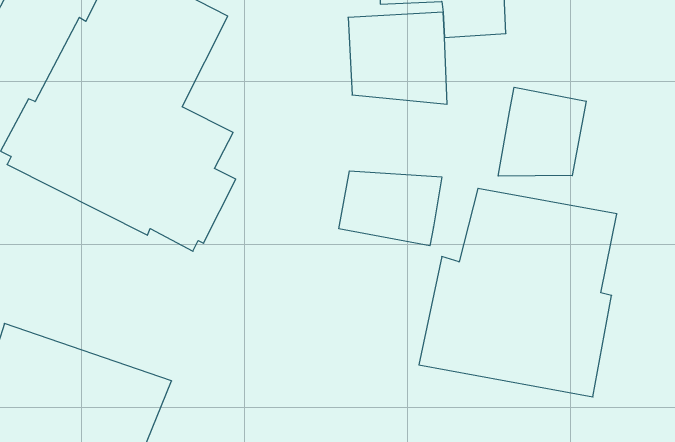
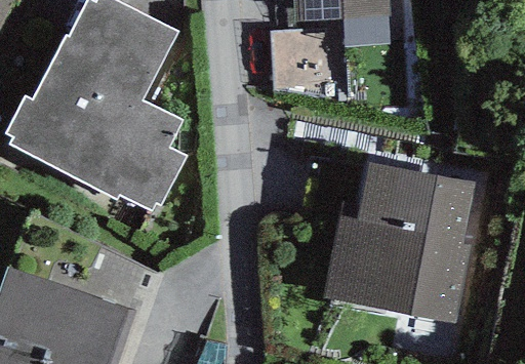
building: [498,87,586,176] -> none
building: [339,171,442,246] -> none

